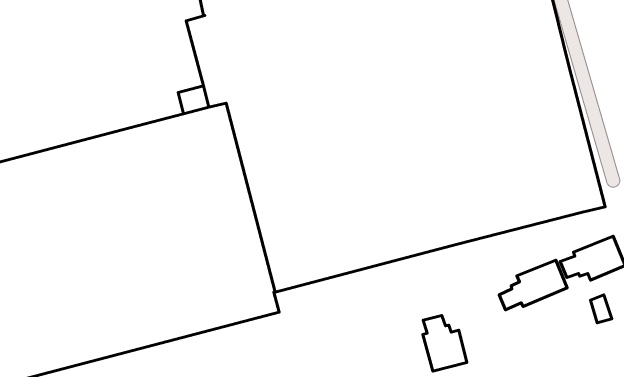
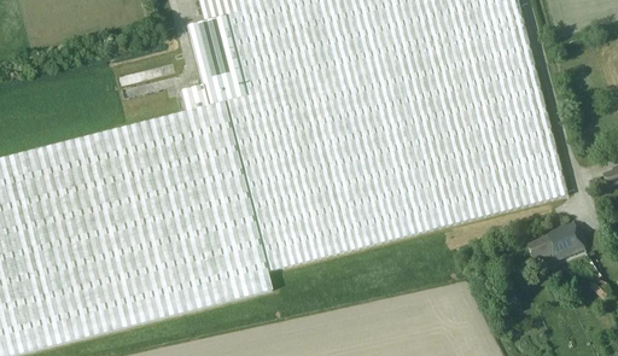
building: [499,260,567,310] -> none
building: [423,315,467,371] -> none

